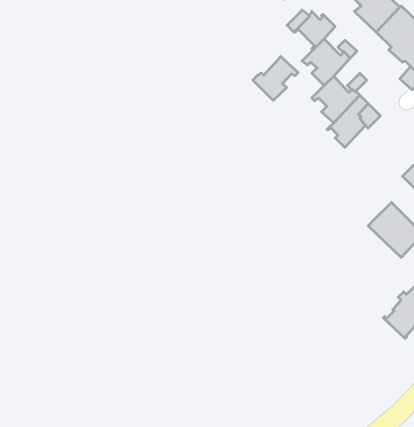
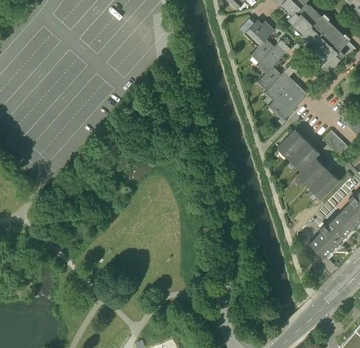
building: [253,56,298,100] -> none
building: none -> [278,130,318,171]

